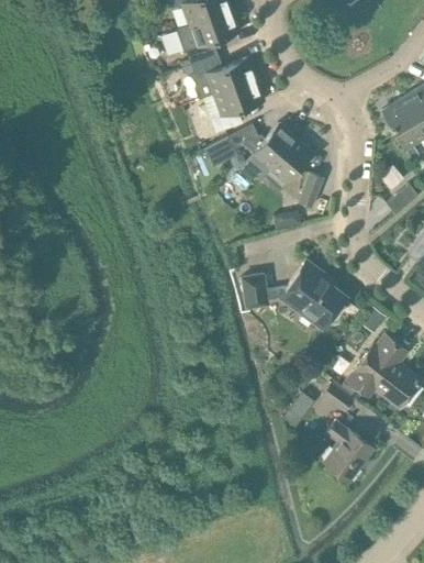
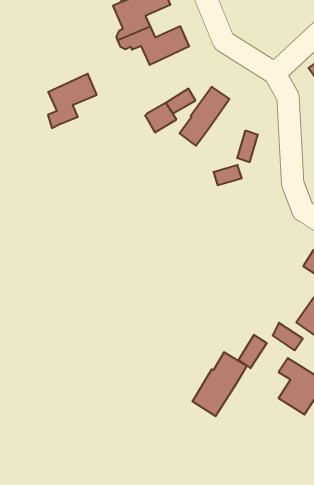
building: [210,79,264,134] -> [48,74,97,128]
building: [269,139,312,184] -> none
building: [242,261,346,325] -> none
building: none -> [192,352,247,416]

